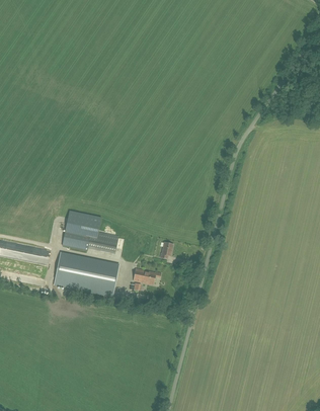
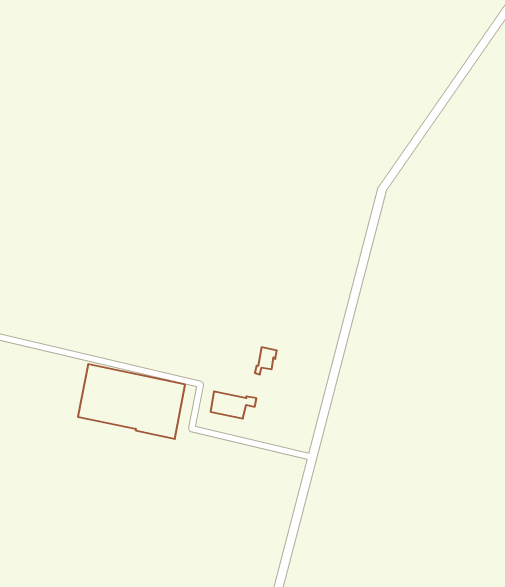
building: [63,210,117,252] -> none

